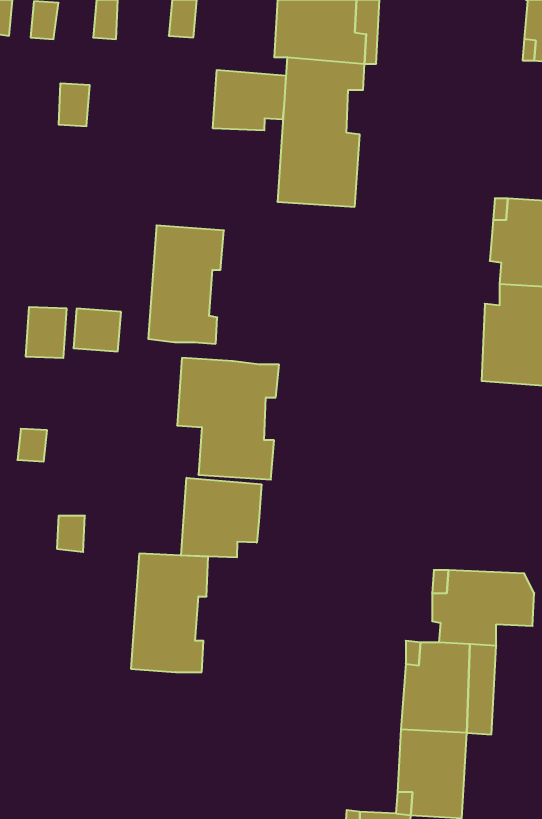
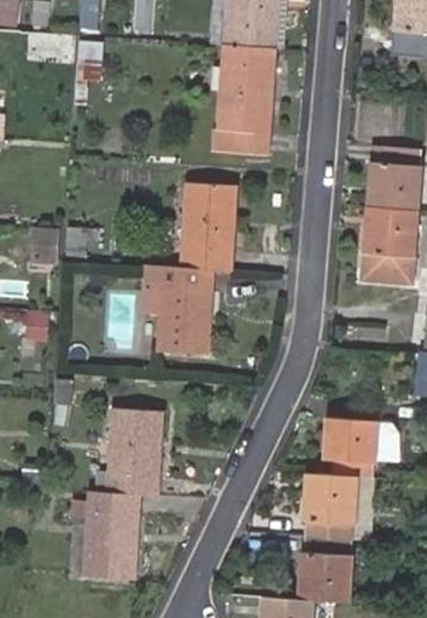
building: [213,70,286,130] -> none
building: [148,225,224,344] -> [181,183,236,270]
building: [181,478,261,557] -> none
building: none -> [71,491,139,579]

